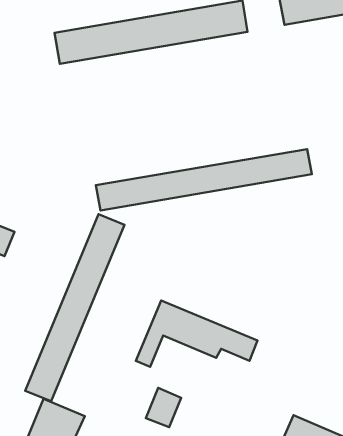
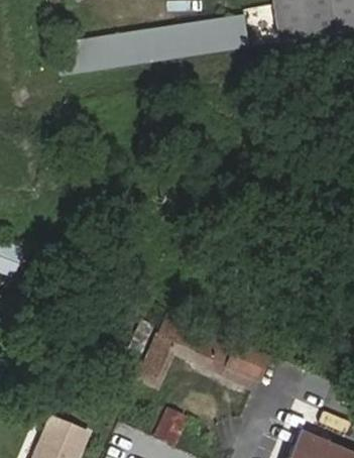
building: [96,149,312,210] -> none
building: [25,214,125,401] -> none

